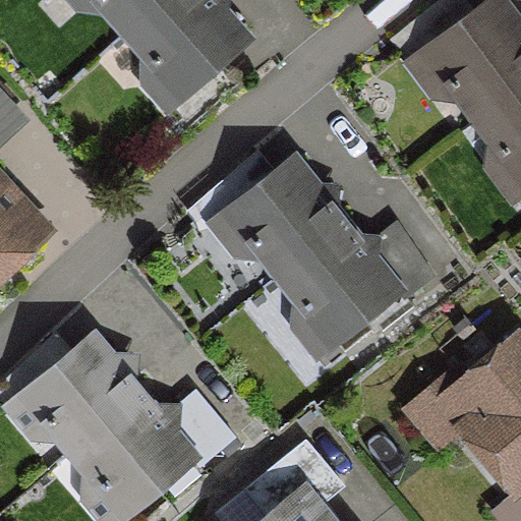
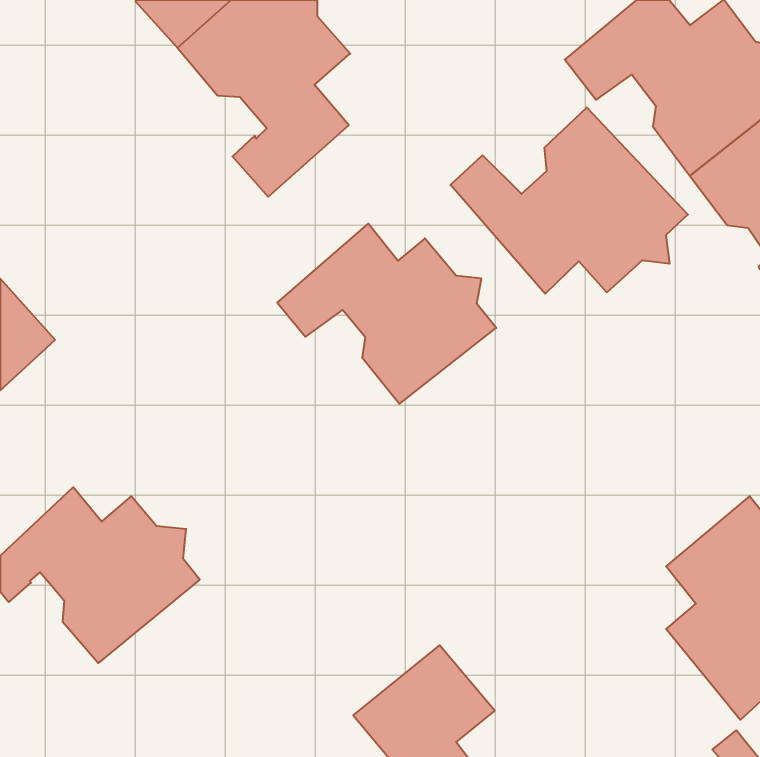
building: none -> [450,107,688,294]
building: [274,226,430,344] -> none
building: [68,395,231,509] -> none

